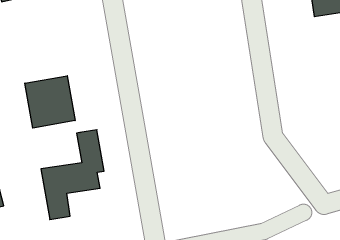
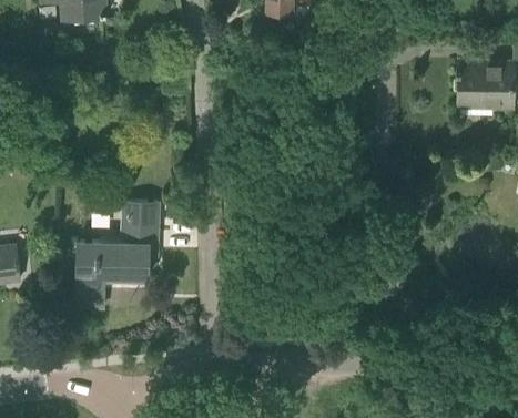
building: [25,76,75,128] -> none

